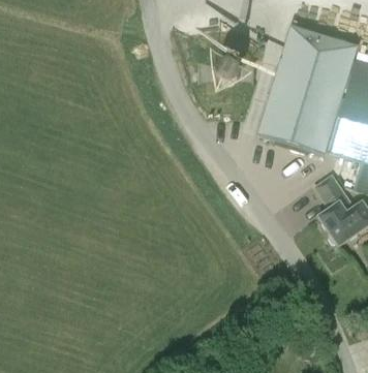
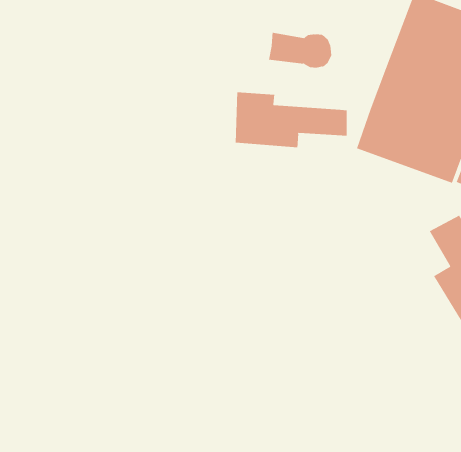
building: none -> [235,92,347,148]

